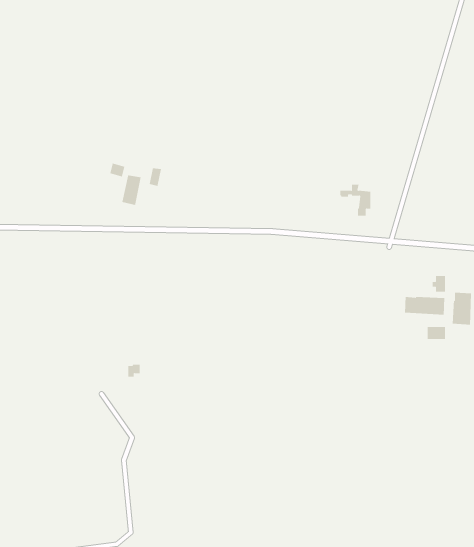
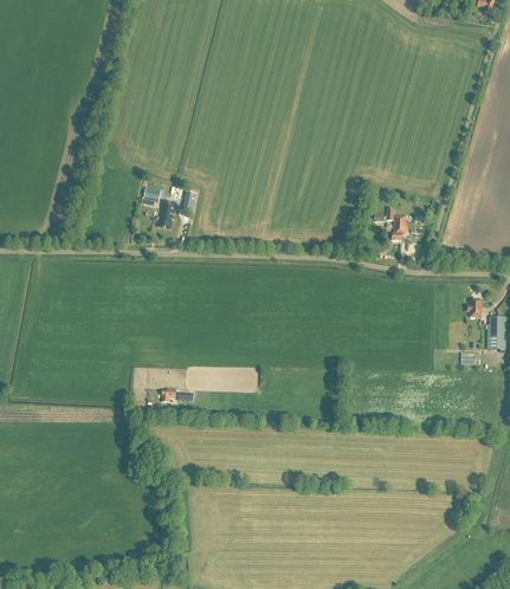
building: [405,296,445,316] -> none

